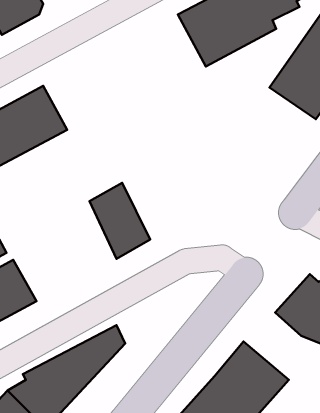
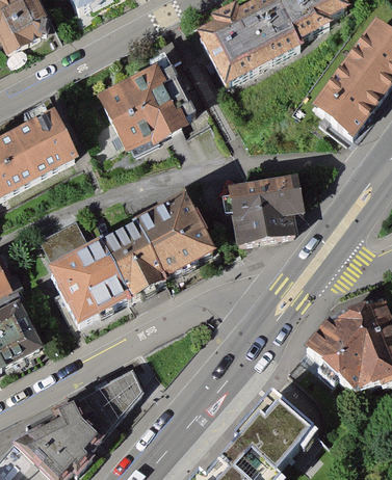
building: none -> [100,57,198,151]
building: none -> [229,174,305,245]
building: none -> [138,191,213,275]
building: none -> [40,217,132,326]

